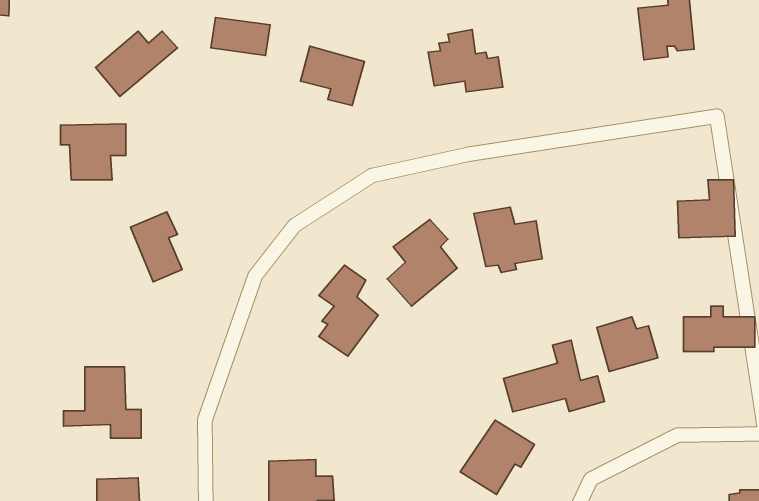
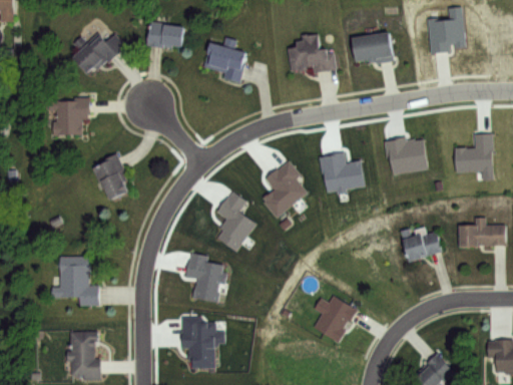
building: none -> [351,34,391,65]
building: none -> [385,137,426,175]
building: [503,340,605,412] -> none
building: none -> [187,252,226,302]

